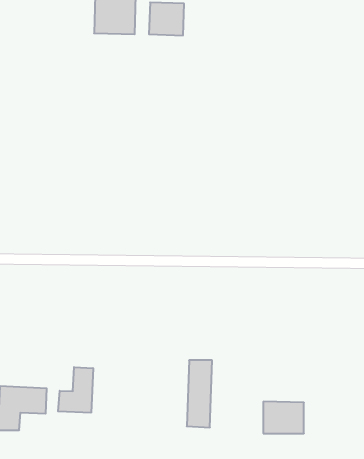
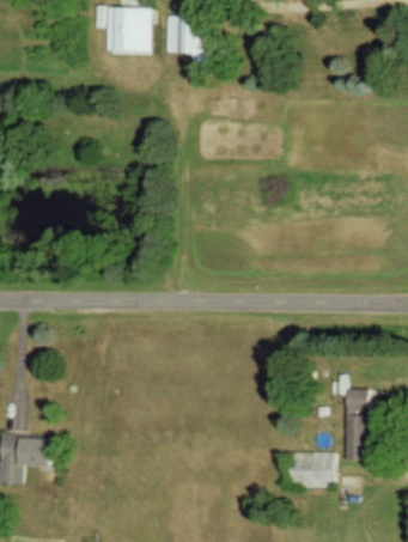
building: [187,360,212,427] -> [343,388,371,461]
building: [58,367,93,413] -> none

